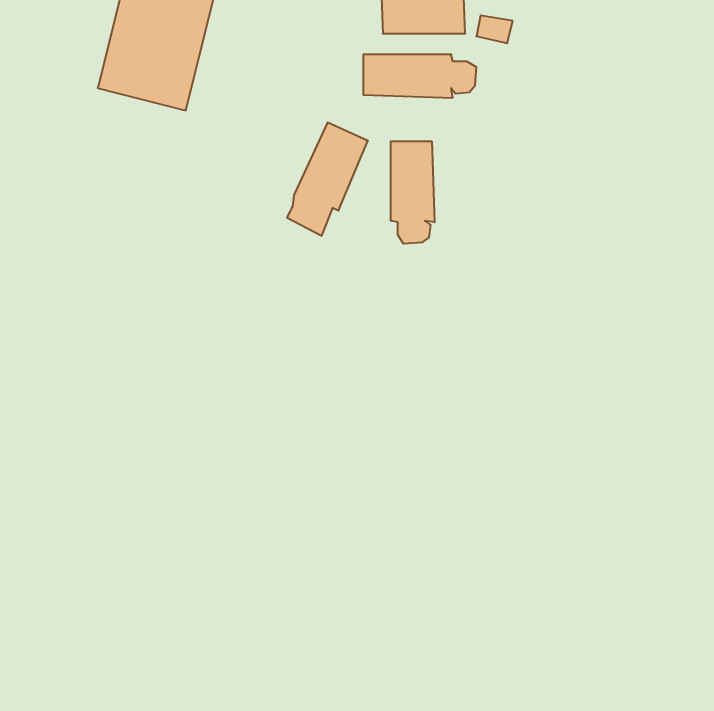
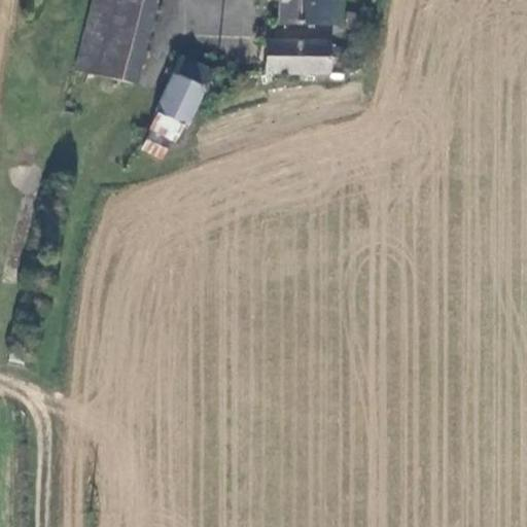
building: [287,123,368,236] -> [153,57,213,140]
building: [391,141,435,244] -> none

